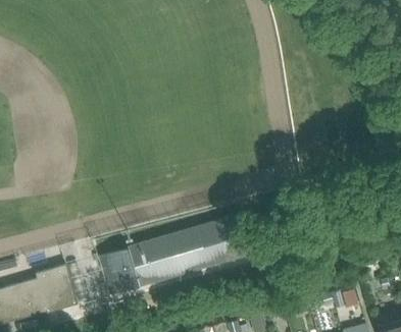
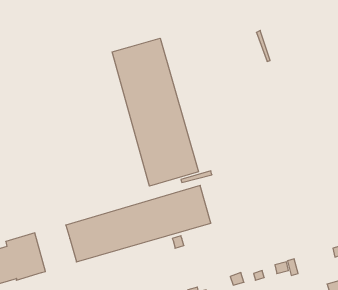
building: none -> [112,38,198,186]

